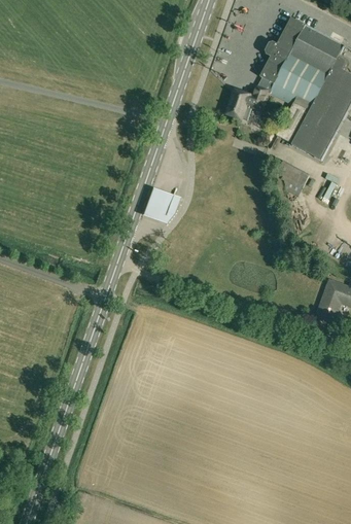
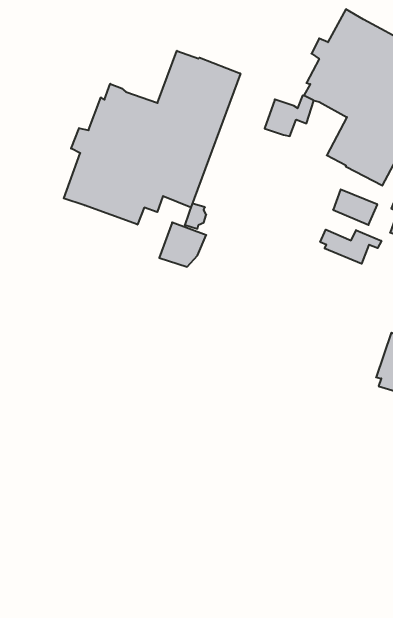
building: none -> [64,51,240,225]
building: none -> [320,230,381,264]

